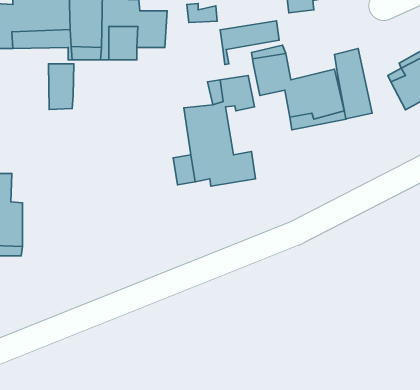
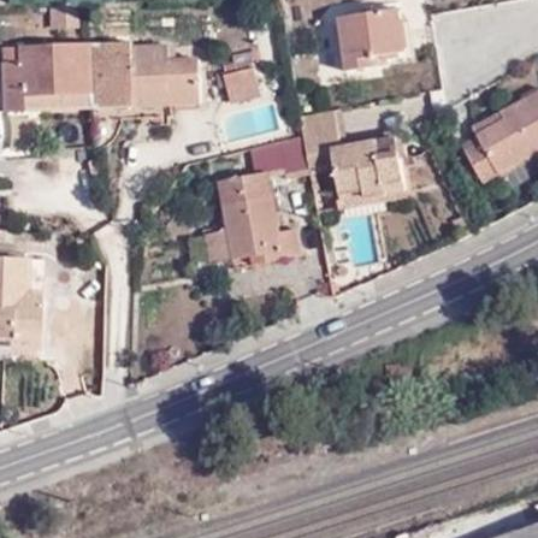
building: [220,21,279,65] -> none
building: [334,48,372,119] -> none
building: [48,64,74,109] -> none

